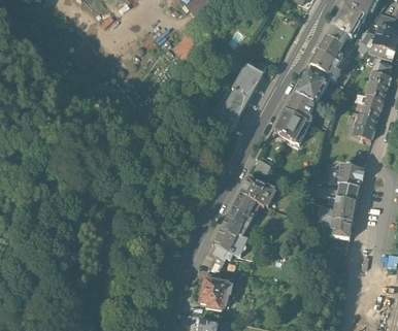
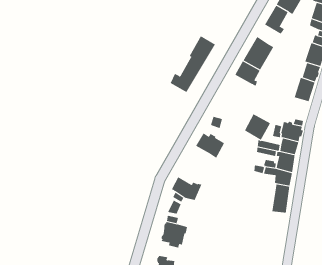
building: [311,51,341,79] -> none
building: [275,108,306,139] -> [244,113,271,140]
building: [221,190,257,234] -> none

